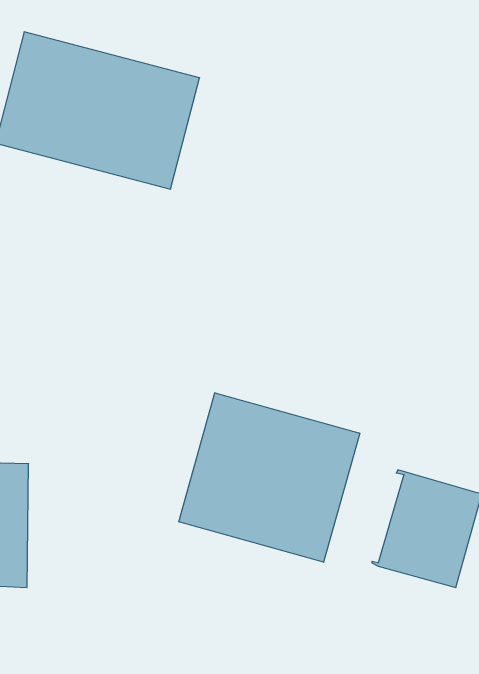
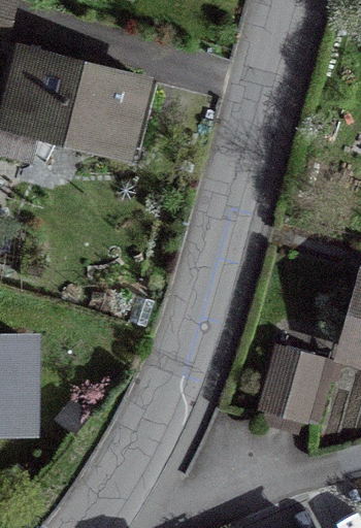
building: [179,393,360,562] -> none

